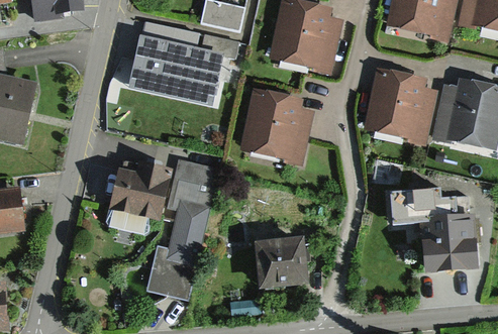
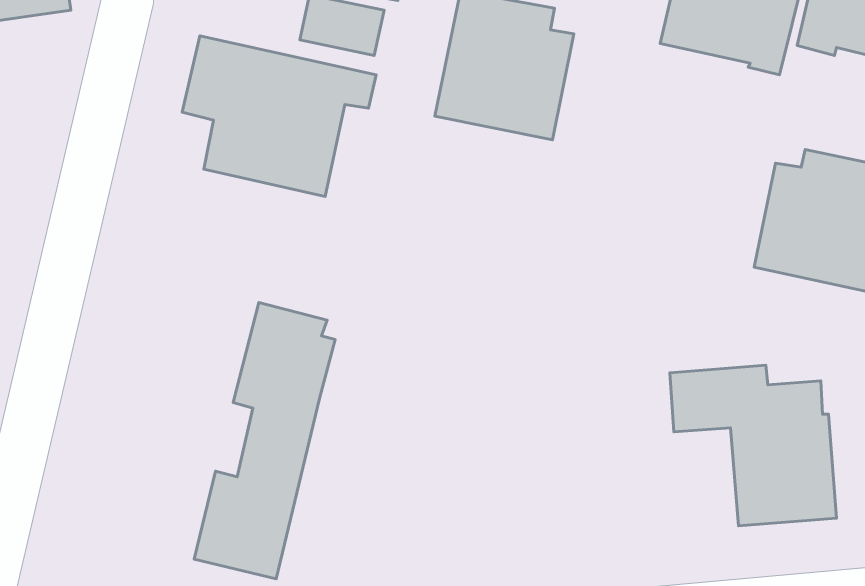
building: [364,69,437,143] -> none
building: [240,89,313,161] -> none
building: [105,160,171,233] -> none
building: [261,243,309,290] -> none

